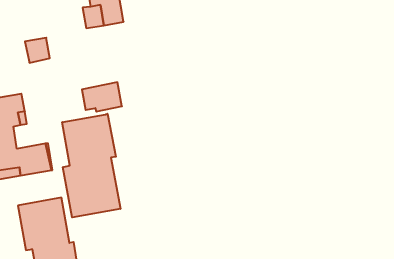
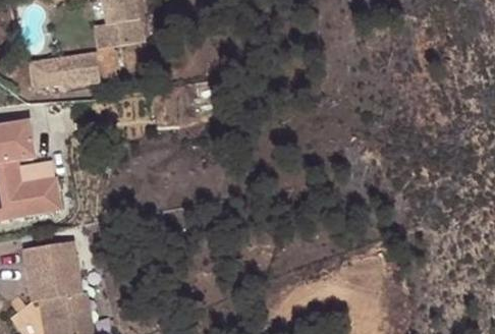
building: [82,82,122,112] -> [56,49,102,82]
building: [62,114,120,217] -> none

